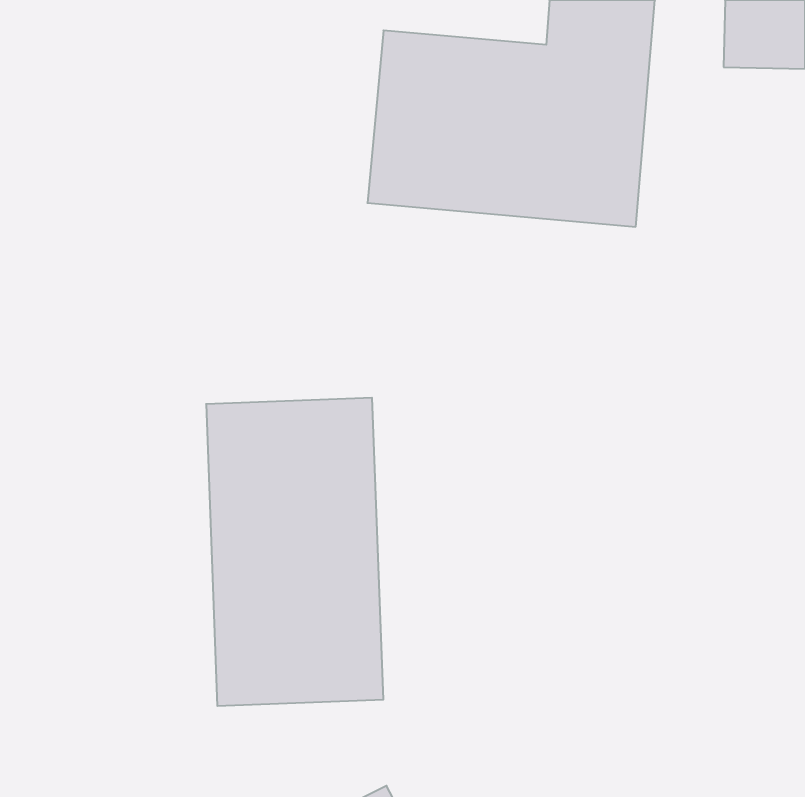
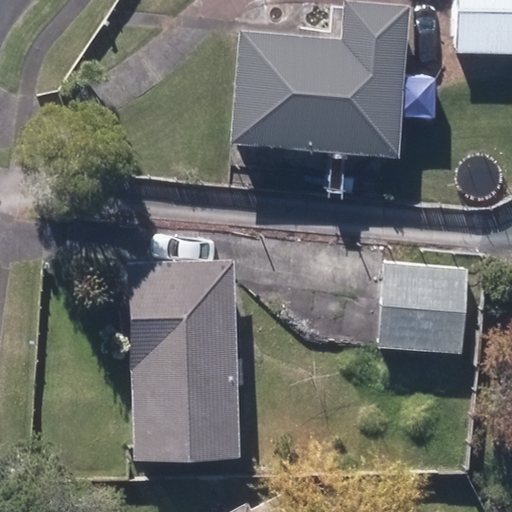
building: none -> [377,269,465,354]

